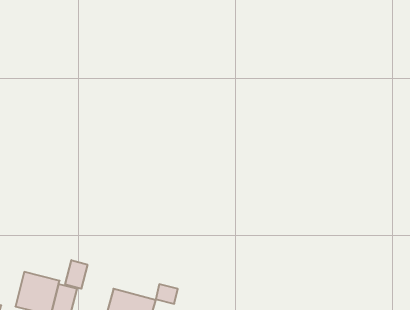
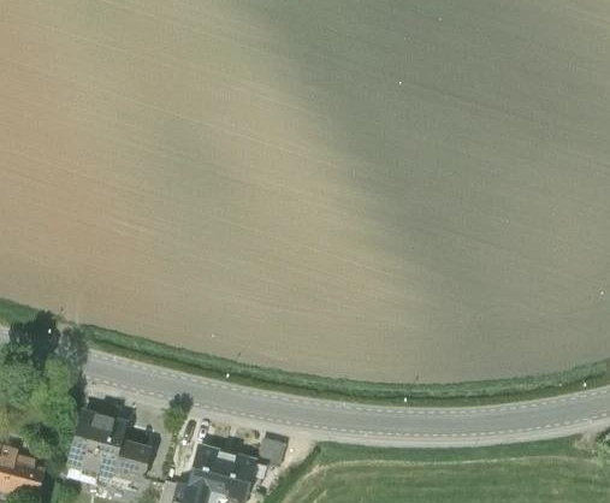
building: [65,260,87,289] -> none

